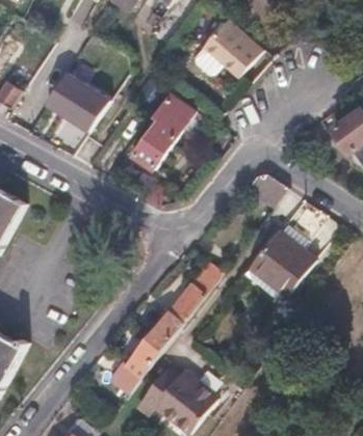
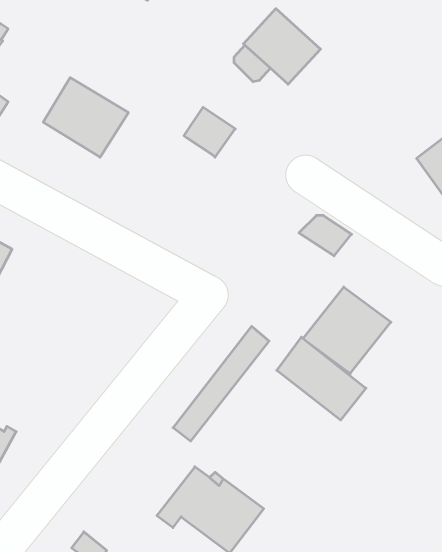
building: [133,117,177,167] -> none
building: none -> [277,337,366,420]
building: [107,339,160,396] -> none

